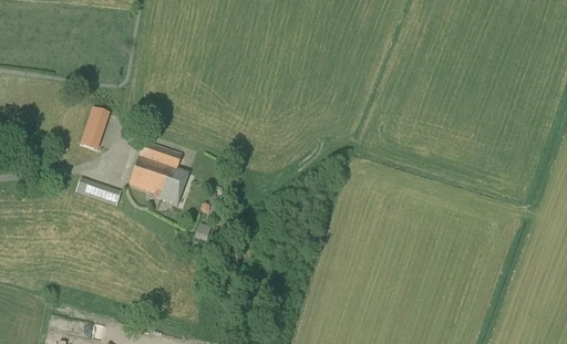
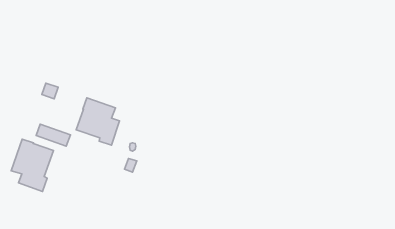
building: none -> [11,139,53,192]

